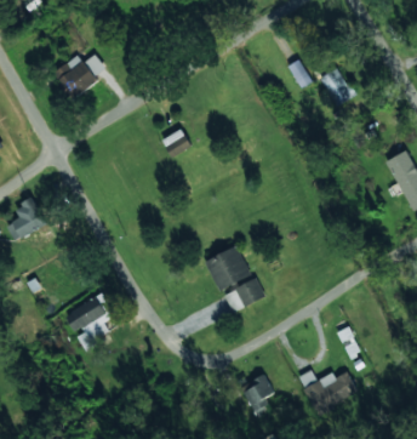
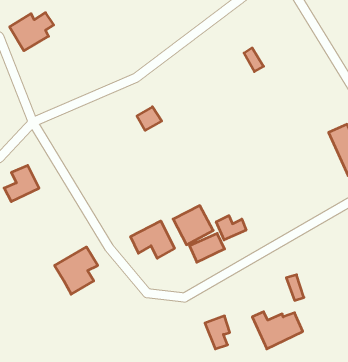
building: [53,53,105,98] -> [10,13,54,51]
building: [320,67,355,106] -> none
building: none -> [216,216,246,240]
building: none -> [131,221,174,258]

